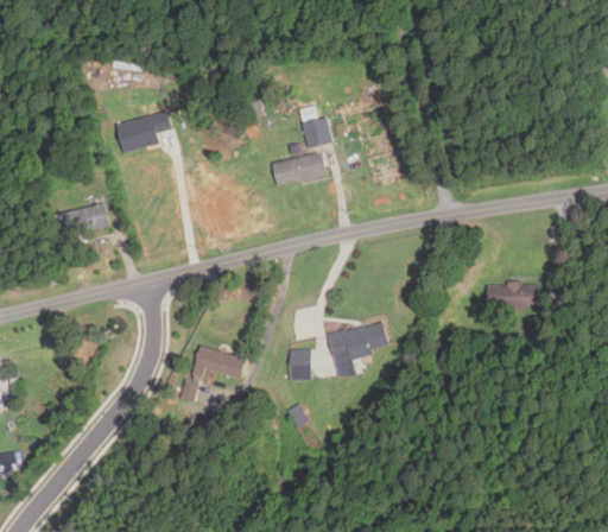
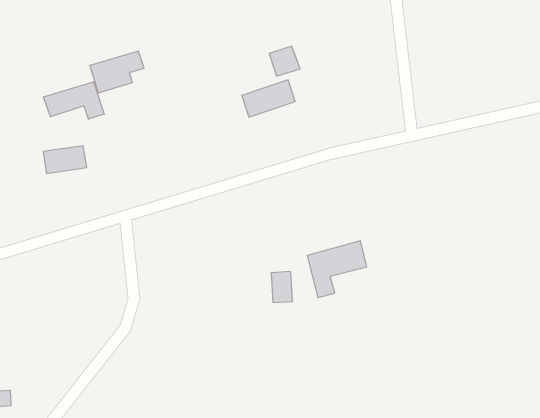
building: none -> [43,82,104,119]
building: [486,281,532,308] -> none
building: [190,343,246,385] -> none

